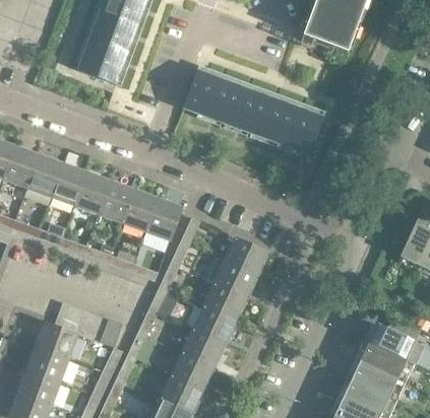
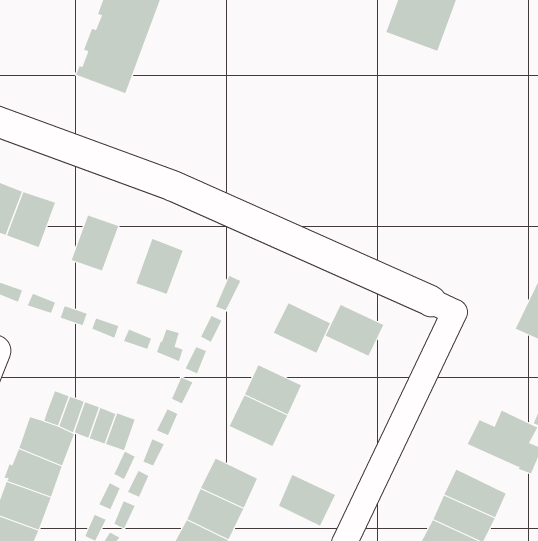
building: [182,74,322,154] -> none
building: [51,163,86,206] -> none
building: [98,181,134,223] -> none
building: [145,199,182,240] -> none
building: [212,260,256,298] -> [325,304,384,356]
building: [181,329,224,367] -> [278,474,336,527]
building: [359,342,406,378] -> none

